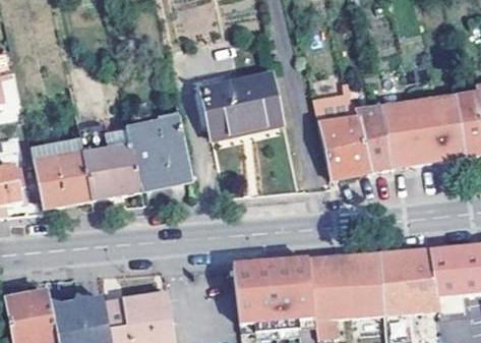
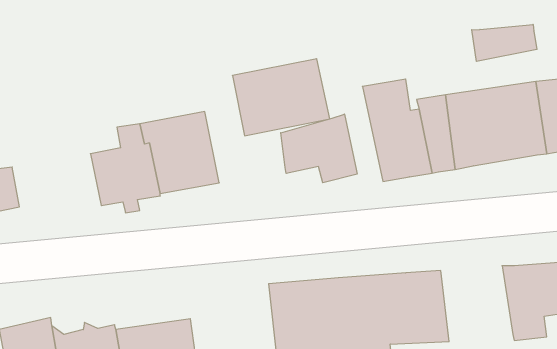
building: none -> [472,24,537,61]
building: none -> [281,114,357,183]
building: [31,136,92,207] -> none
building: [378,248,439,312] -> none

